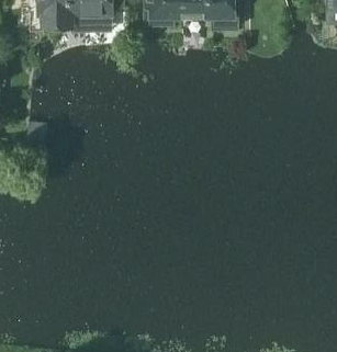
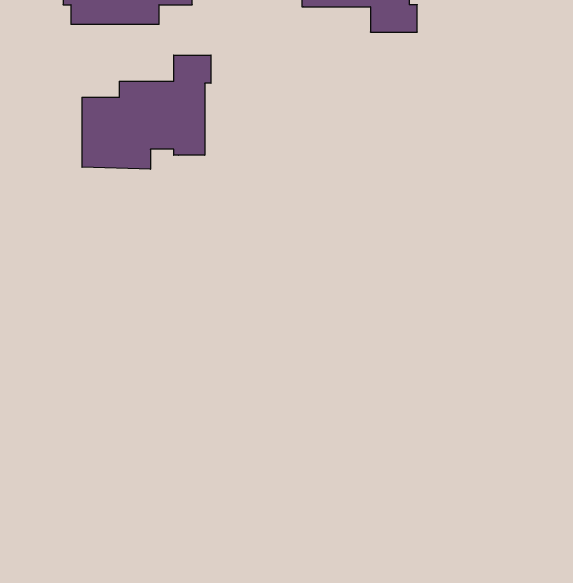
building: none -> [82,55,211,169]

